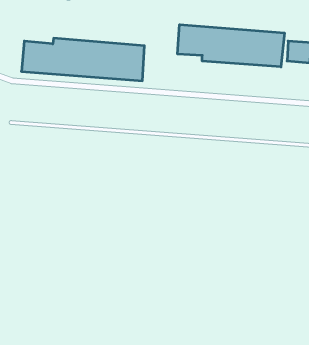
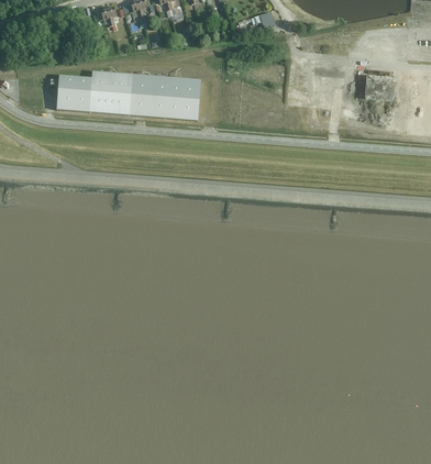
building: [178,25,284,67] -> none

